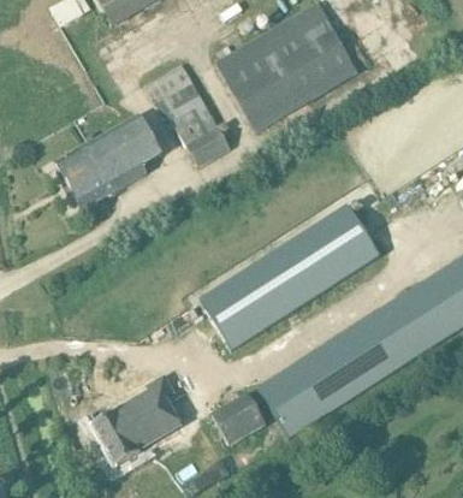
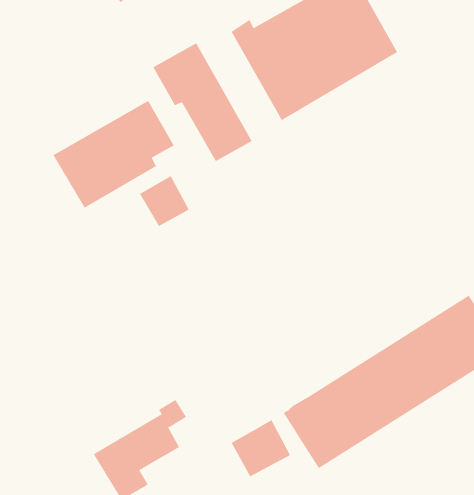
building: none -> [139,175,190,227]
building: [201,204,379,348] -> none

